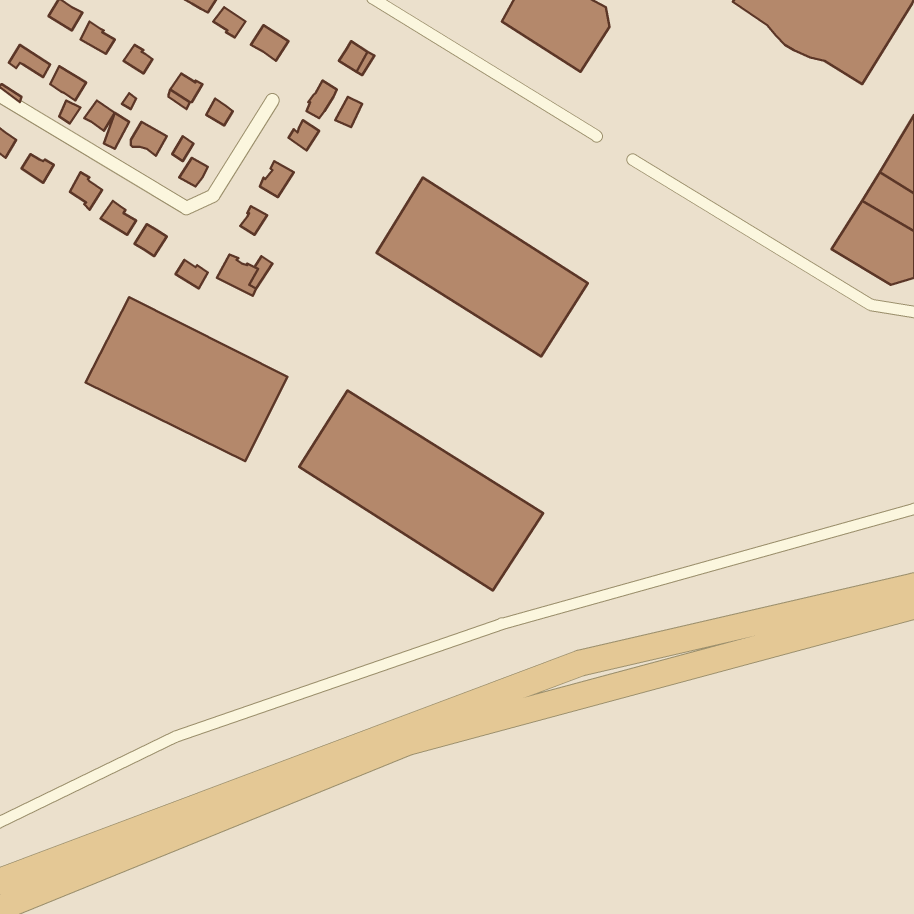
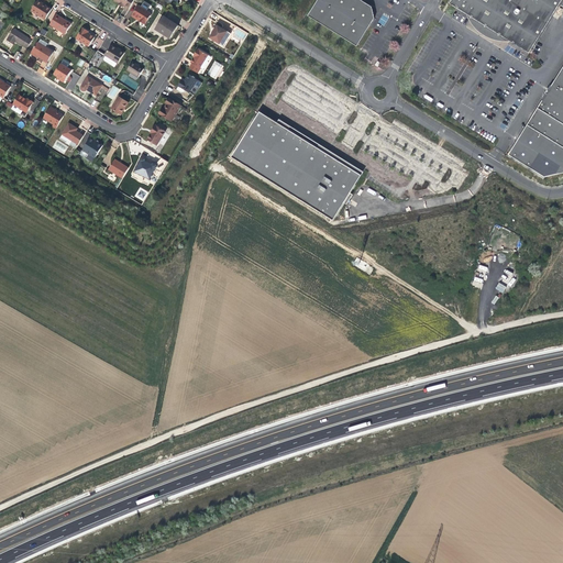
building: [86,297,287,461] -> none
building: [299,390,543,590] -> none

